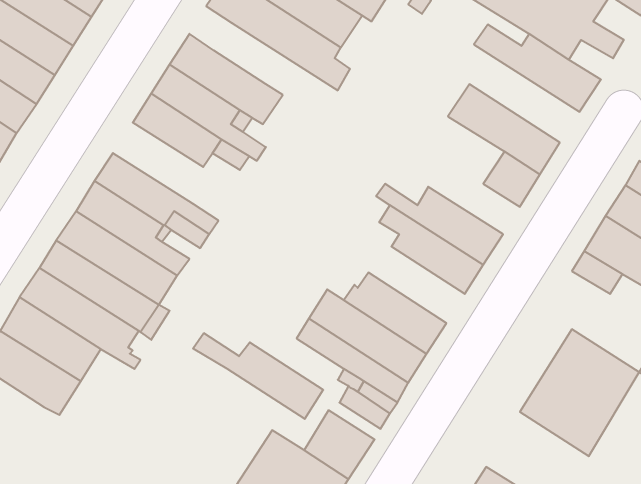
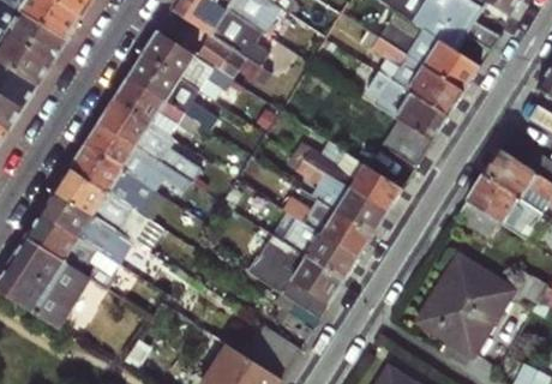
building: none -> [176,20,274,82]
building: none -> [360,29,463,114]
building: none -> [97,98,168,162]
building: [193,333,323,419] -> [271,188,373,256]

